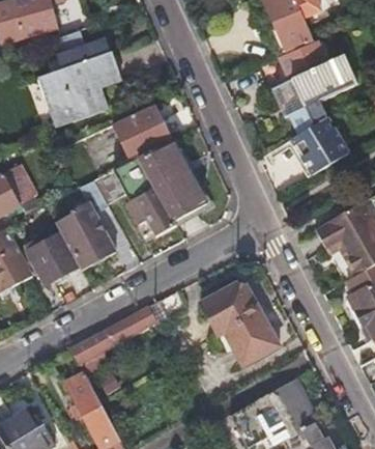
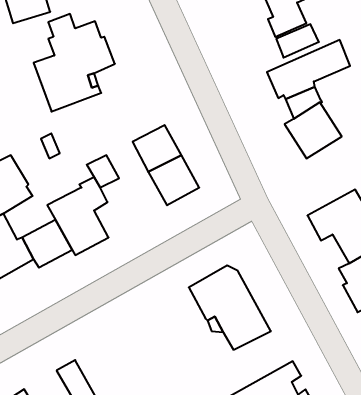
building: [113,105,171,161] -> none
building: [125,187,175,235] -> none
building: [69,302,165,367] -> none

